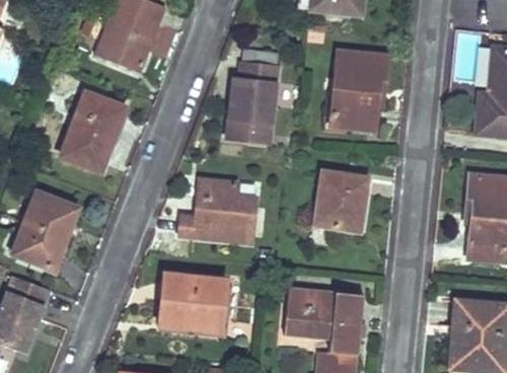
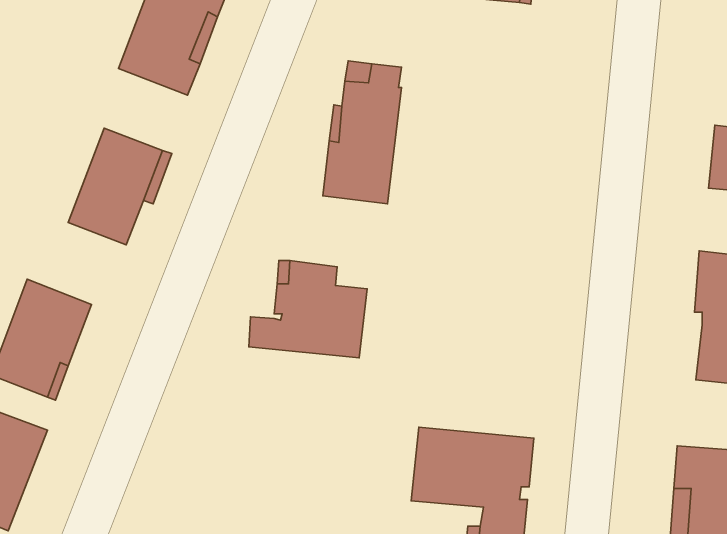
building: [330,51,387,130] -> none
building: [314,170,368,232] -> none
building: [159,274,226,331] -> none

